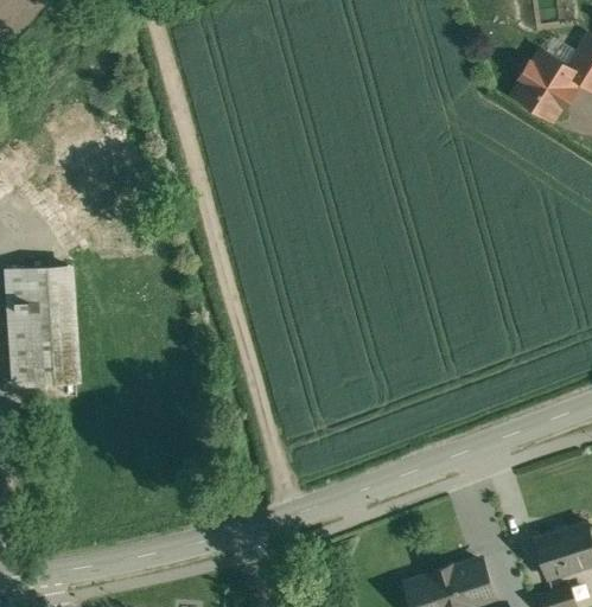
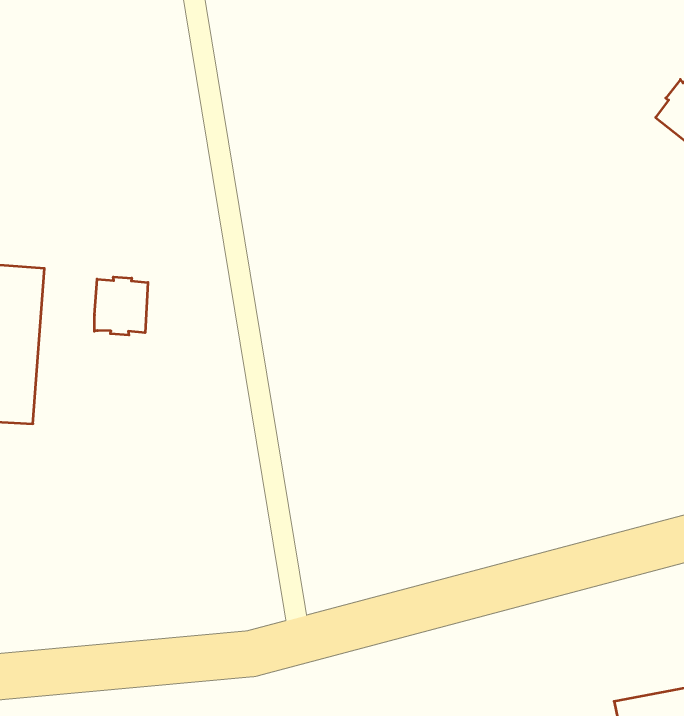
building: none -> [94,277,148,335]

